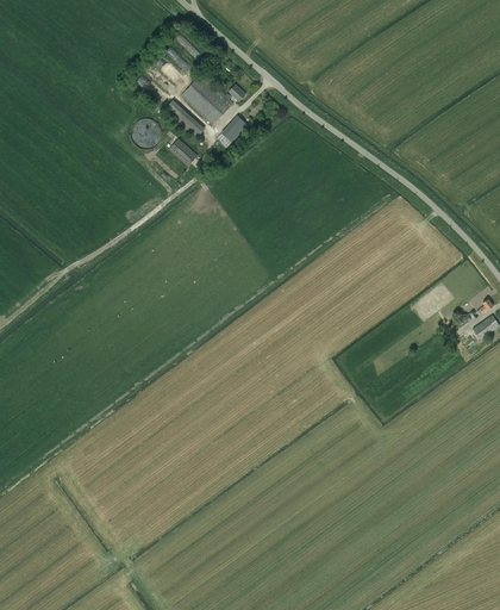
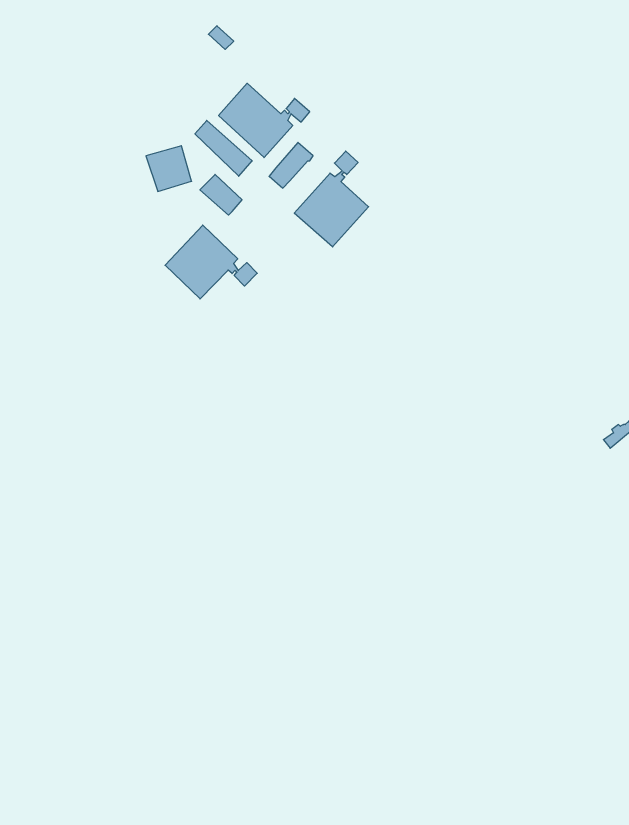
building: none -> [294,151,369,247]
building: none -> [165,225,257,299]

